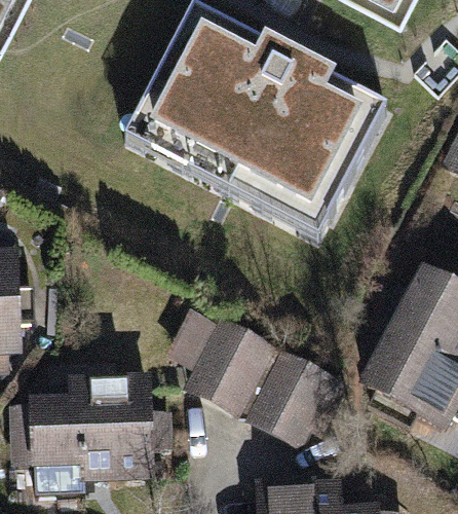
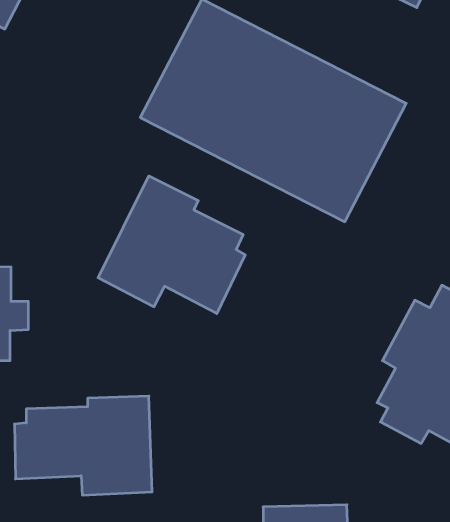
building: none -> [98,176,245,314]
building: [185,324,340,452] -> none

